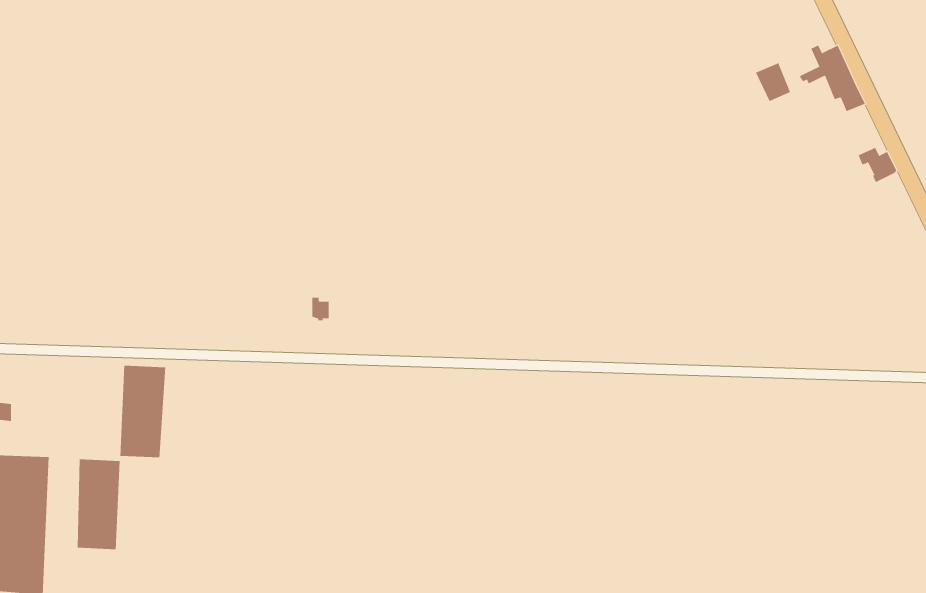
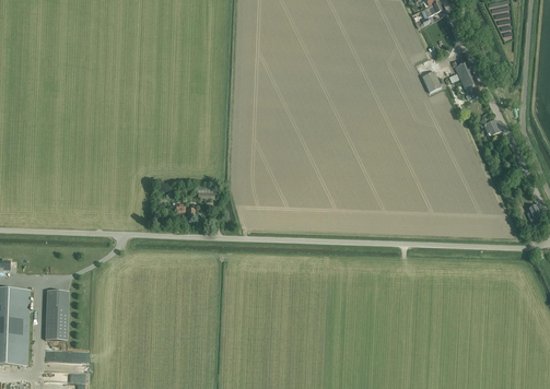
building: [120,365,166,458] -> none

